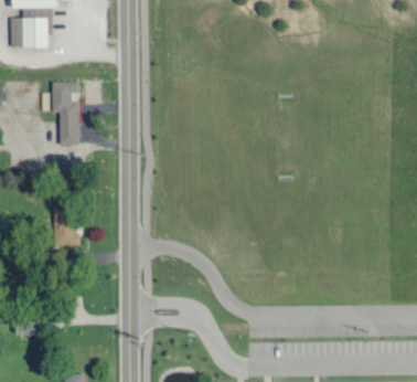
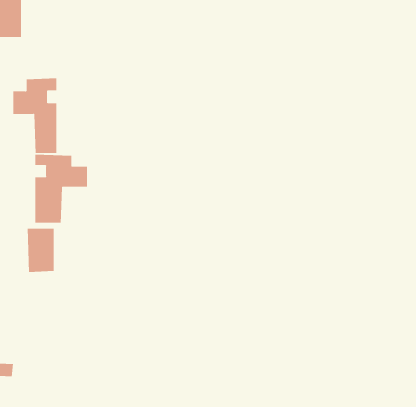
building: none -> [35,154,87,223]

